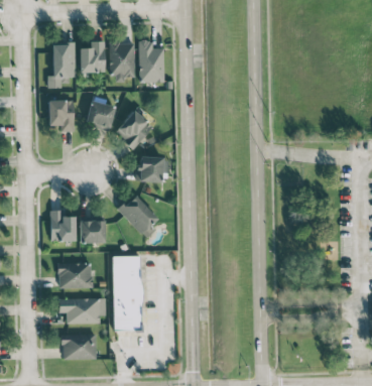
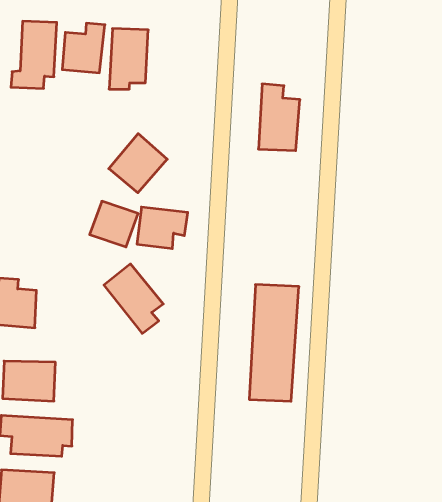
building: [139,40,164,83] -> [258,84,300,151]
building: [49,101,75,132] -> none
building: [86,101,116,129] -> [90,201,138,247]
building: [81,221,106,244] -> none
building: [113,256,142,332] -> [249,285,299,401]

